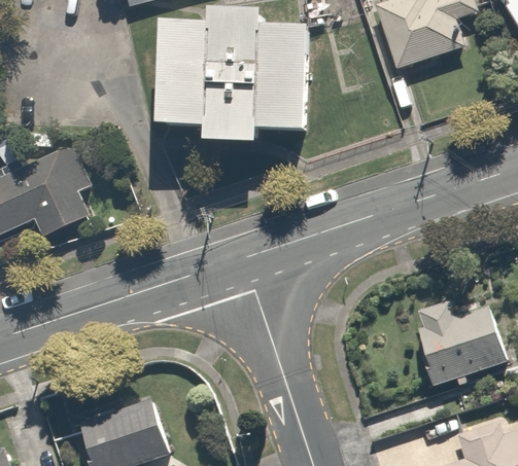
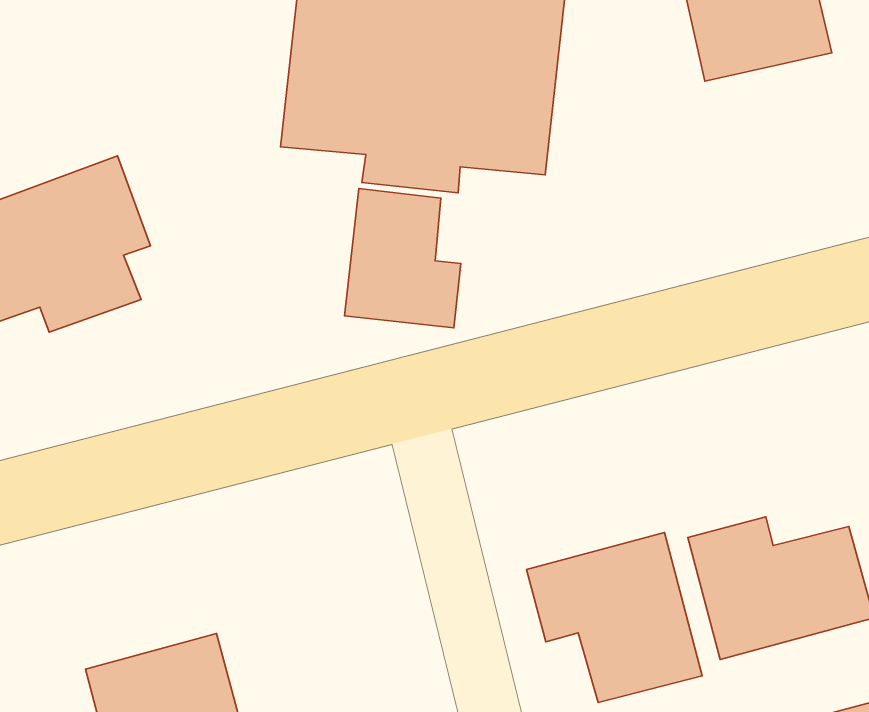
building: none -> [345,188,461,328]
building: none -> [526,533,702,703]

